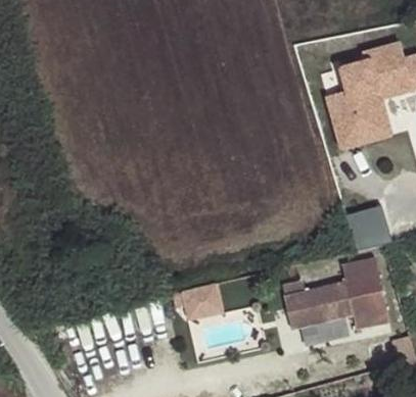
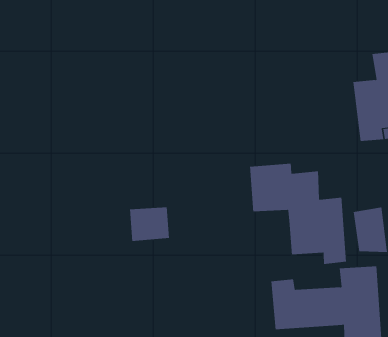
building: none -> [250,163,347,265]
building: [182,284,222,319] -> [129,207,170,242]

